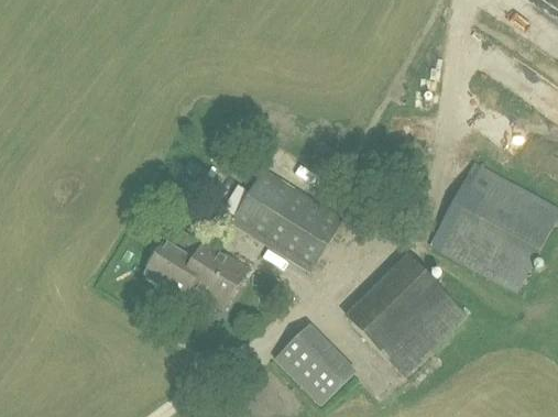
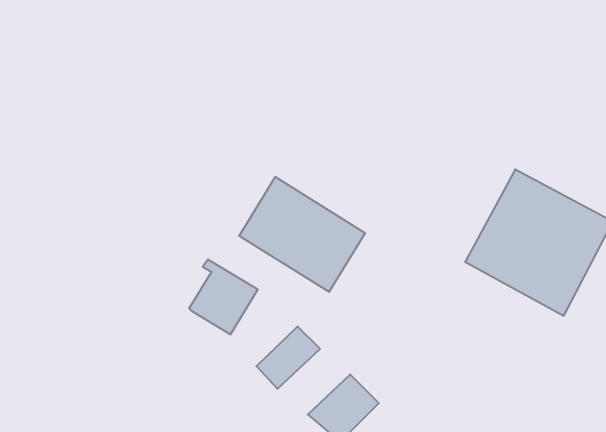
building: [145,239,207,296] -> none
building: [343,253,468,376] -> none
building: [273,323,329,378] -> [256,326,320,389]

